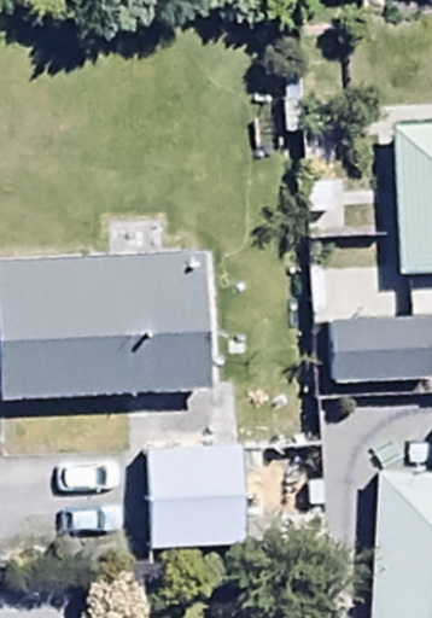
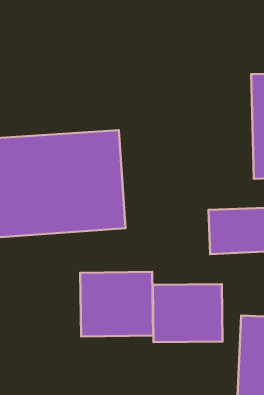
building: none -> [153,284,222,342]

